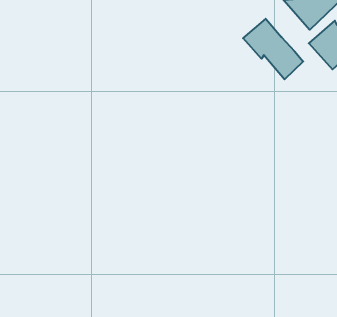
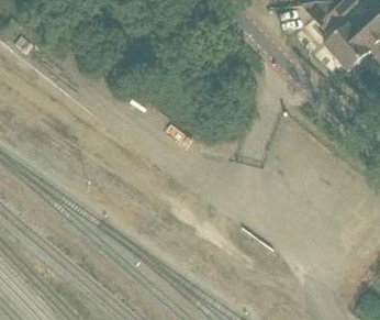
building: [243,19,303,79] -> none

